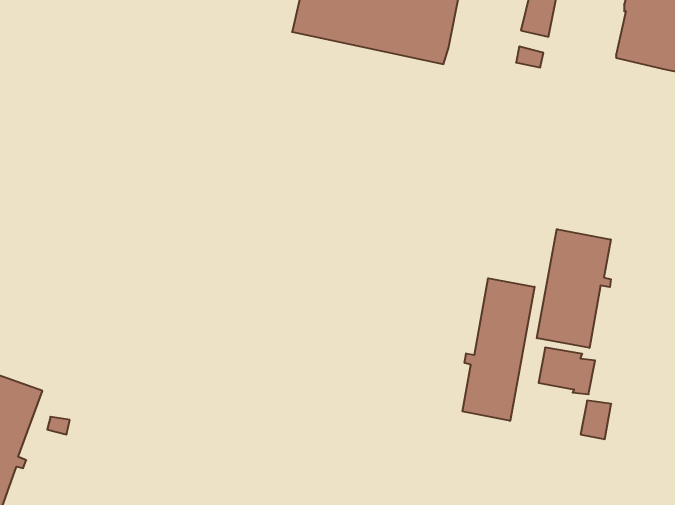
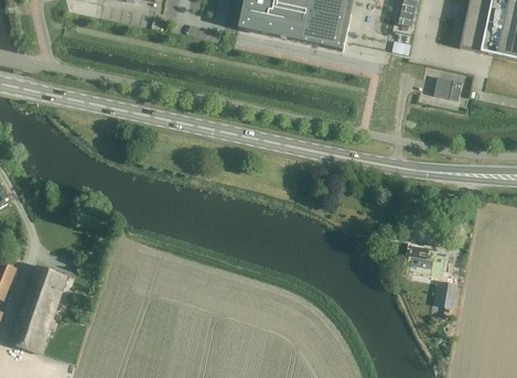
building: none -> [433,75,462,98]
building: [537,229,611,348] -> none
building: [462,278,535,421] -> none

